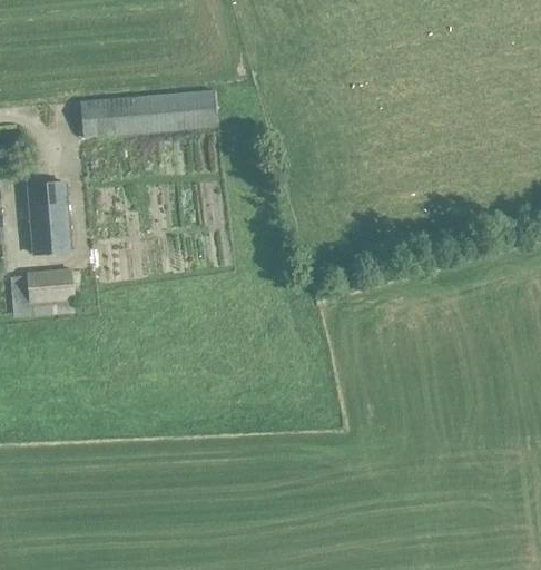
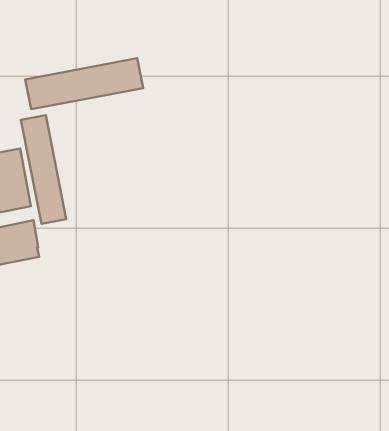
building: none -> [21,115,66,224]

